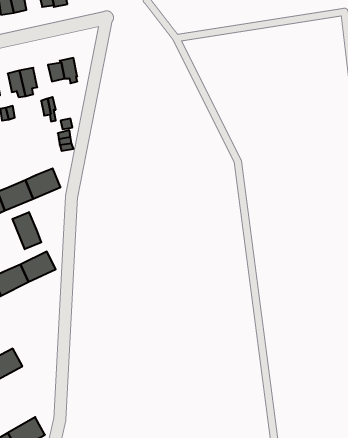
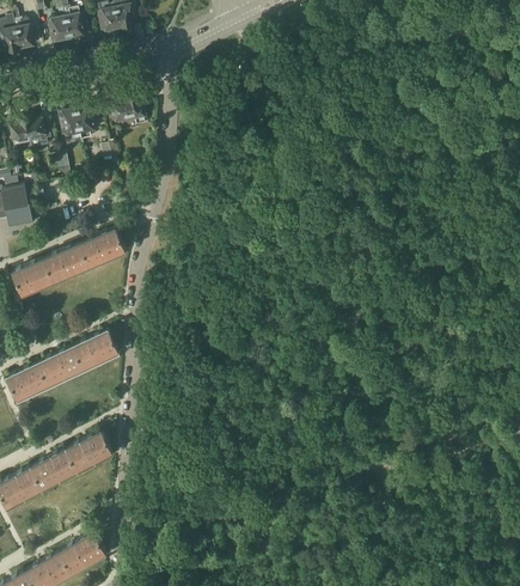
building: [12,212,41,249] -> none
building: none -> [66,432,112,471]

